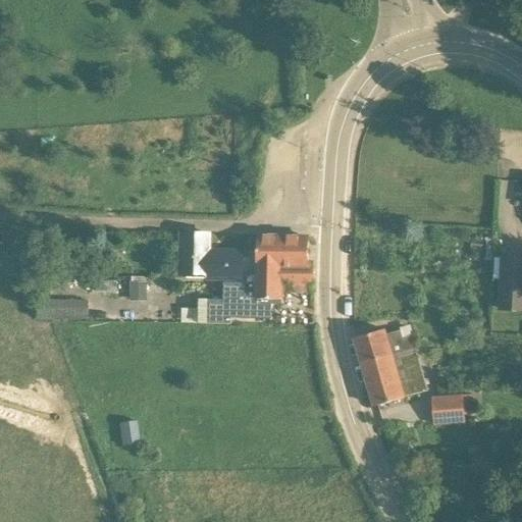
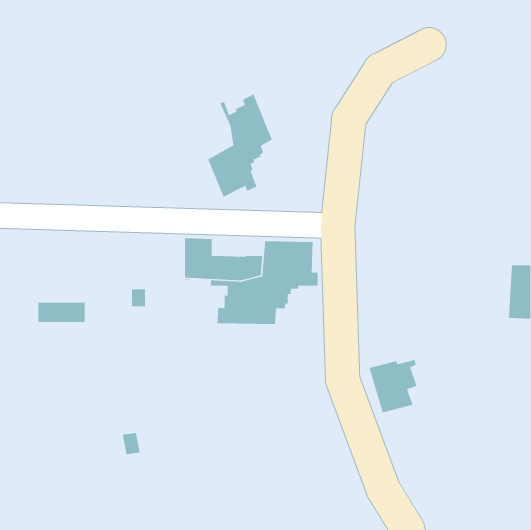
building: none -> [207,81,273,198]
building: [355,327,418,360] -> none
building: [432,396,465,424] -> none

